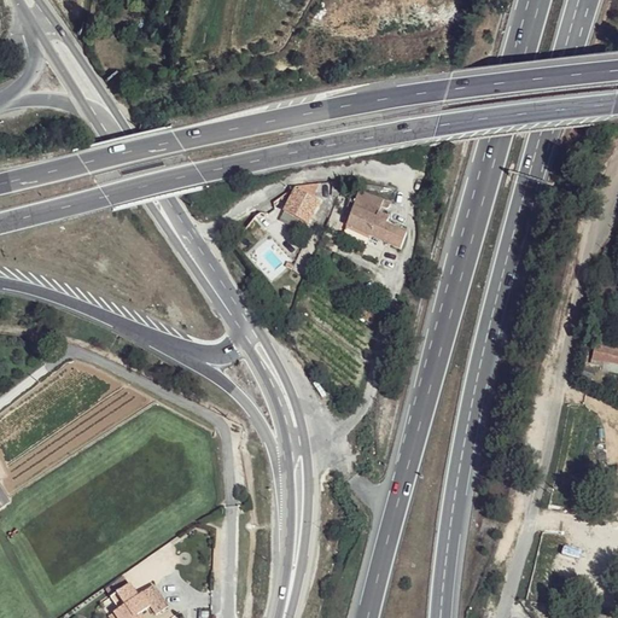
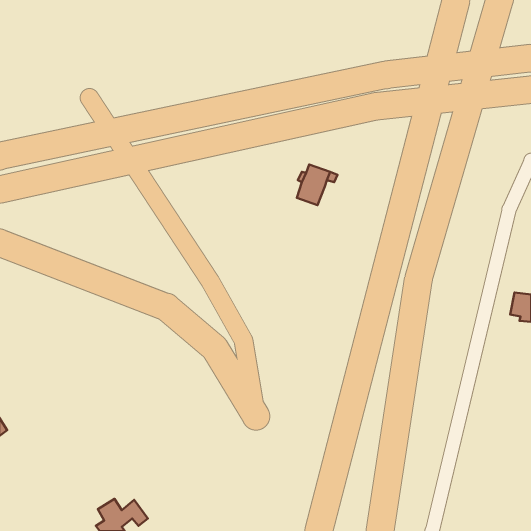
building: [284,190,317,225] -> none
building: [368,216,406,249] -> none

